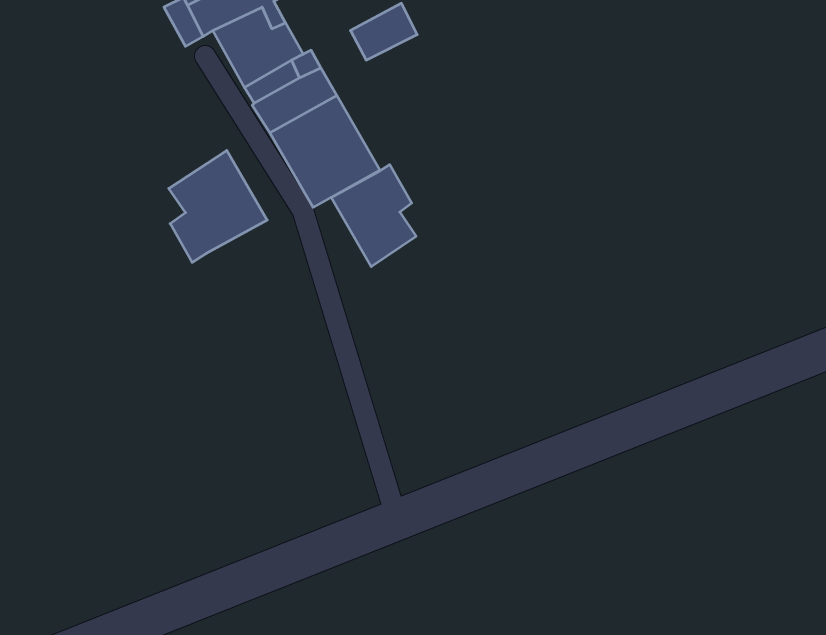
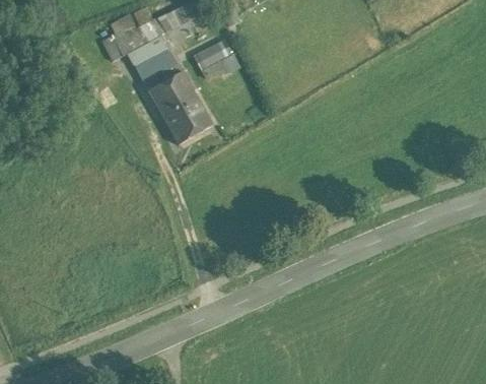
building: [169,150,267,262] -> none
building: [331,165,416,267] -> none

